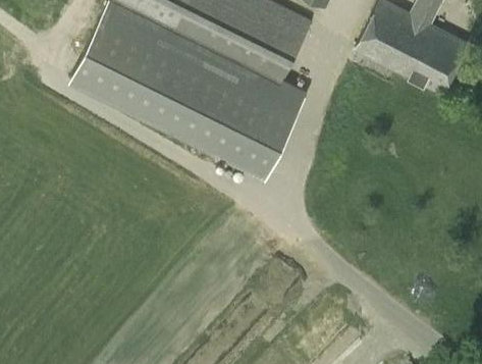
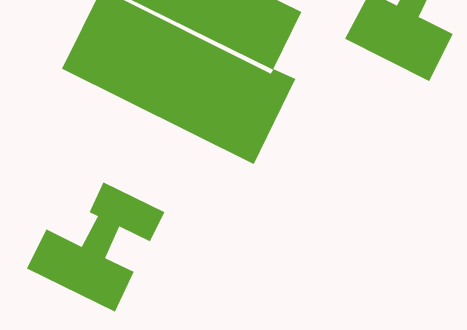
building: none -> [26,182,165,313]

